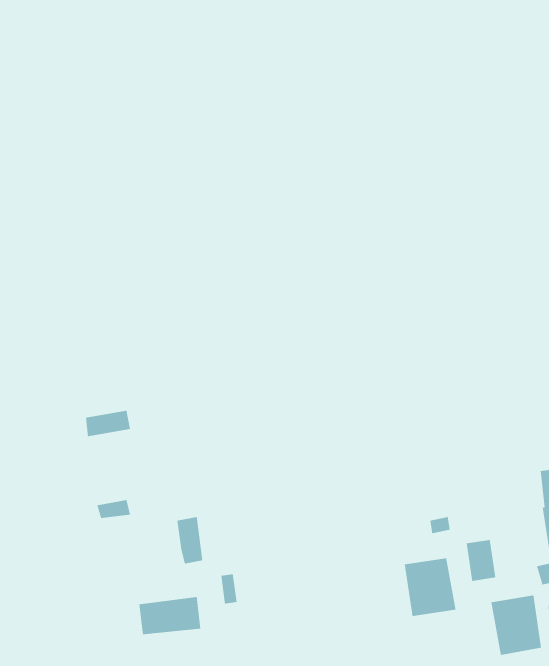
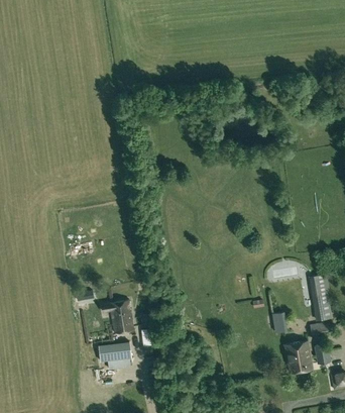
building: none -> [101,302,133,333]
building: [404,557,456,617] -> none

